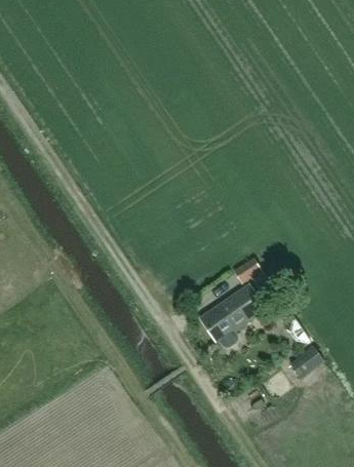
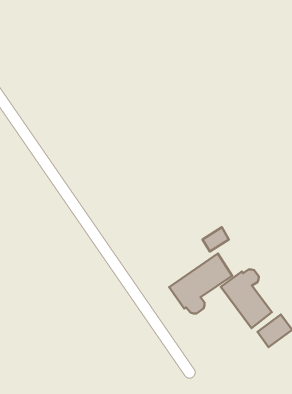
building: none -> [221,269,272,328]

